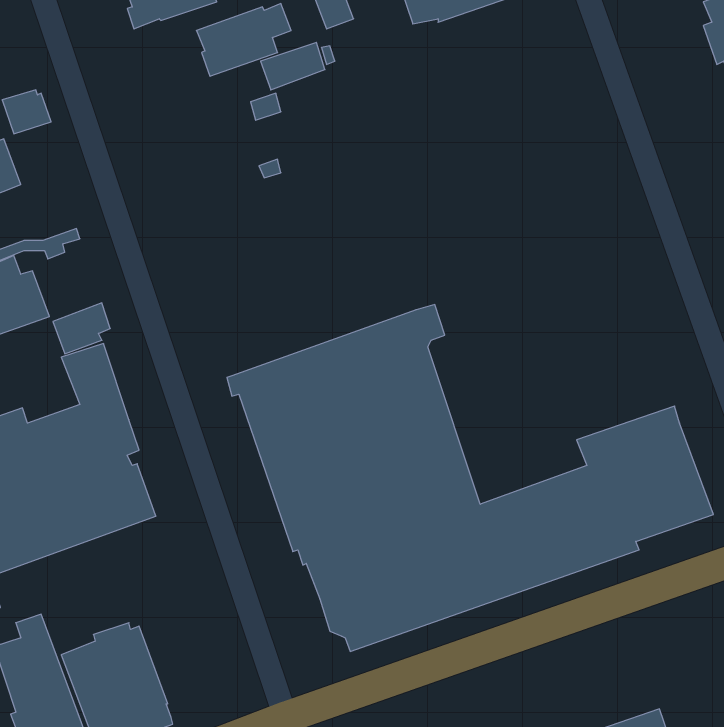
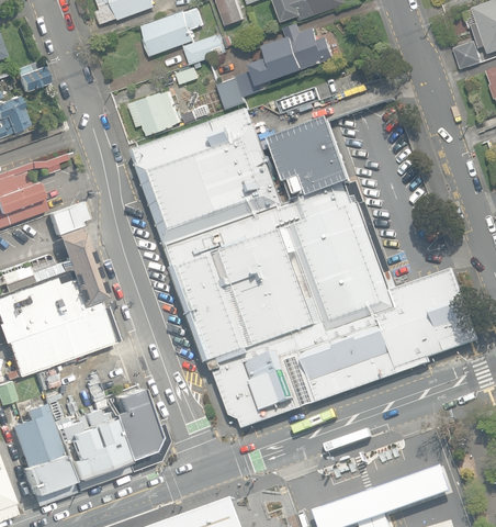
building: none -> [218,22,334,108]
building: none -> [452,41,480,69]
building: none -> [128,90,180,135]
building: none -> [129,110,284,249]
building: none -> [269,119,395,333]
building: none -> [108,389,167,472]

